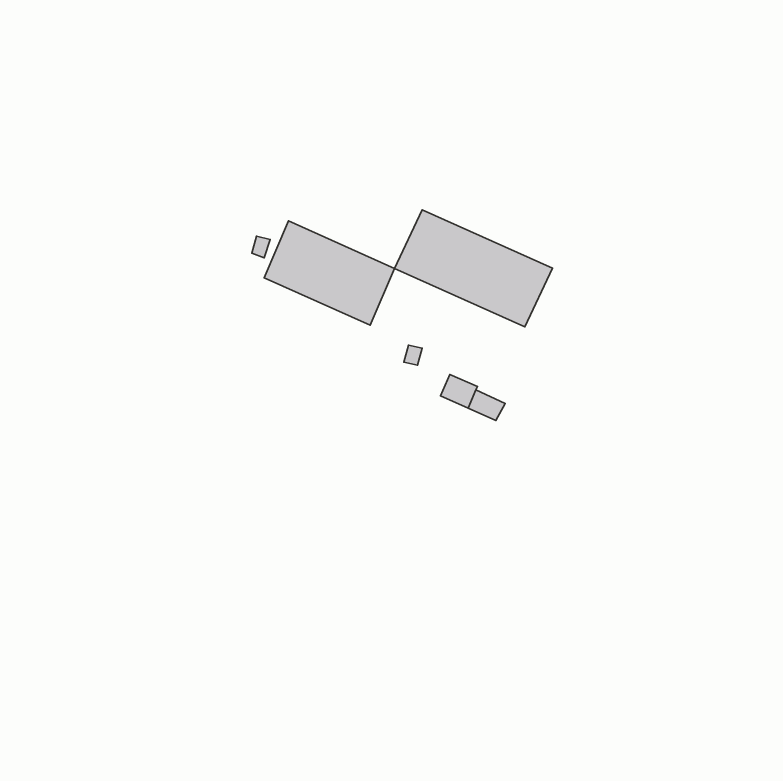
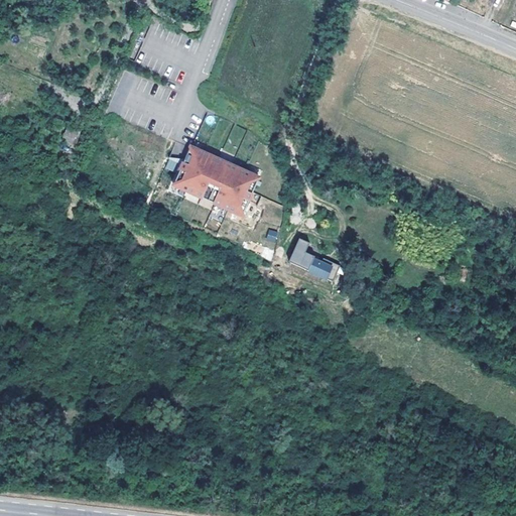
building: [395,210,552,327] -> none

